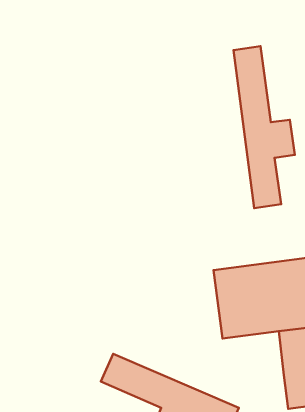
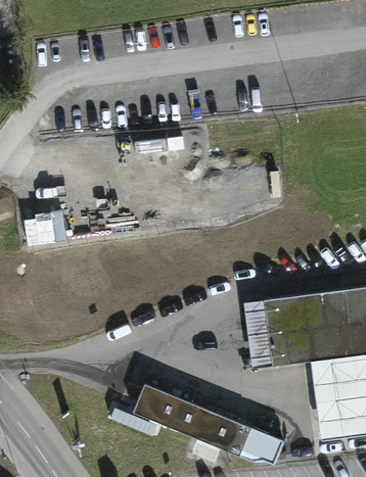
building: [233,46,295,208] -> none

